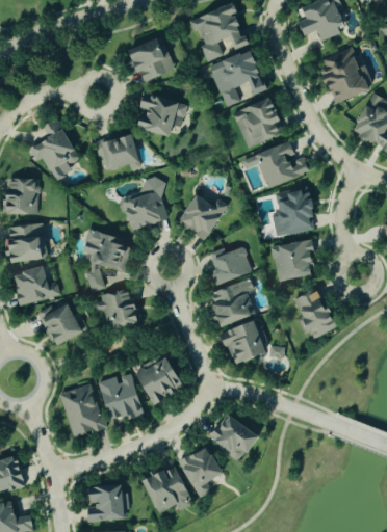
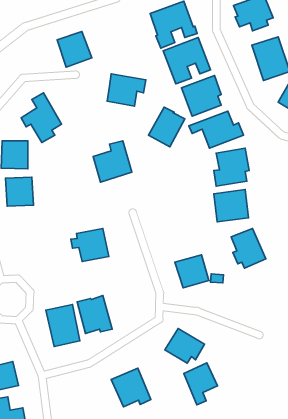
building: [130,37,174,82] -> [57,32,92,67]
building: [96,133,141,171] -> none
building: [181,189,227,239] -> [148,107,185,147]
building: [82,231,131,290] -> none
building: [207,247,251,284] -> none
building: [15,268,58,303] -> none
building: [209,278,255,326] -> none
building: [37,299,82,347] -> none
building: [136,353,182,404] -> none
building: [180,446,223,499] -> [184,363,218,405]
building: [85,484,125,522] -> none

